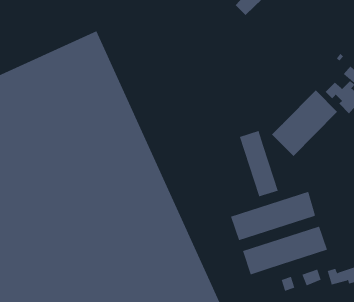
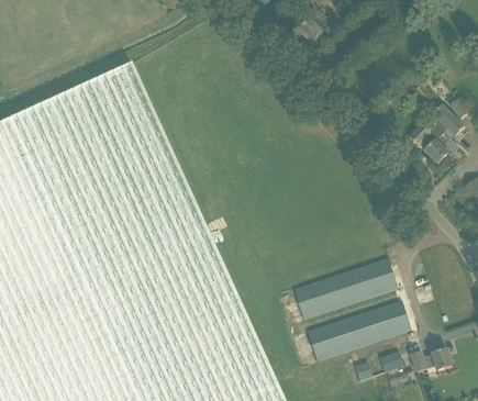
building: [271,90,338,157] -> none
building: [239,130,278,197] -> none

